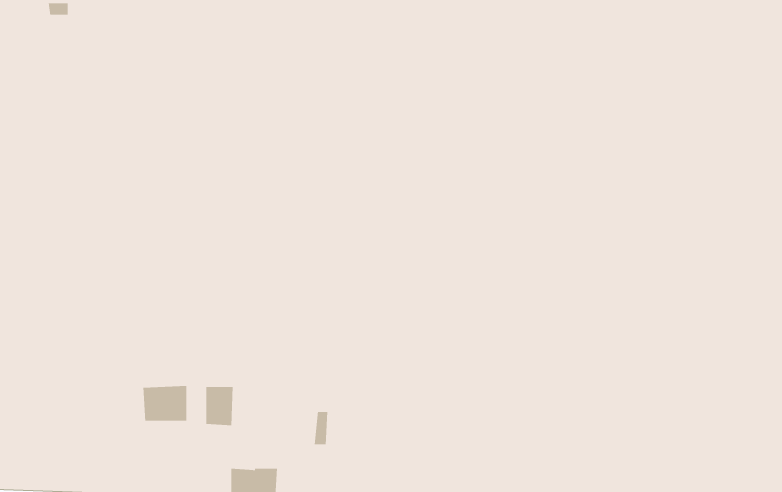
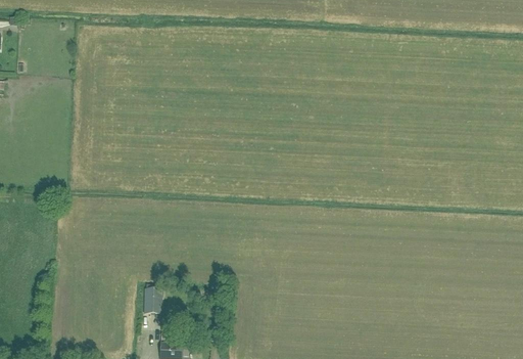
building: [143,385,187,421] -> none

